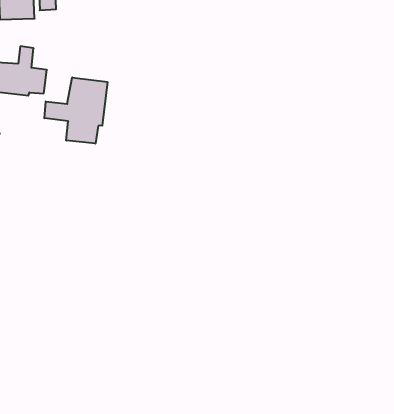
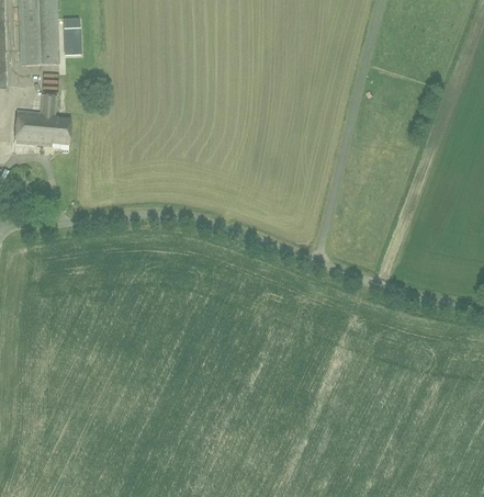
building: [44,77,107,144] -> none

